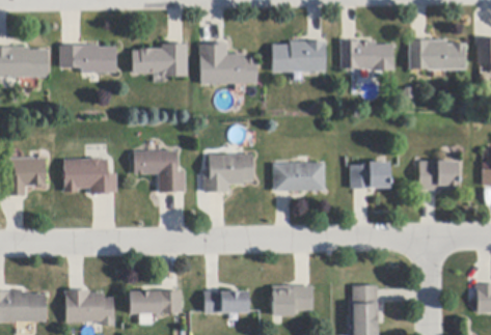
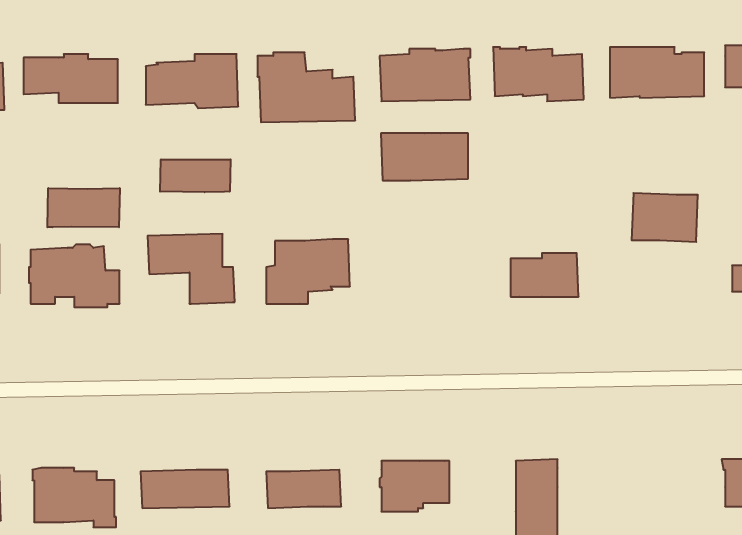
building: none -> [160,159,231,192]
building: none -> [47,188,120,227]
building: [419,161,459,190] -> [632,193,698,242]
building: [273,163,325,191] -> [381,133,468,180]

